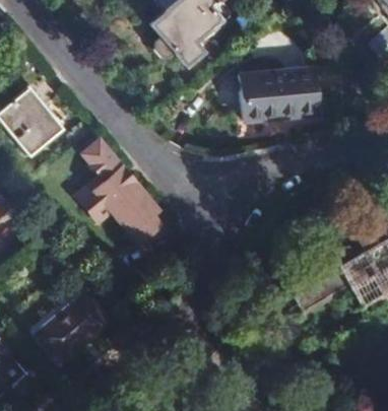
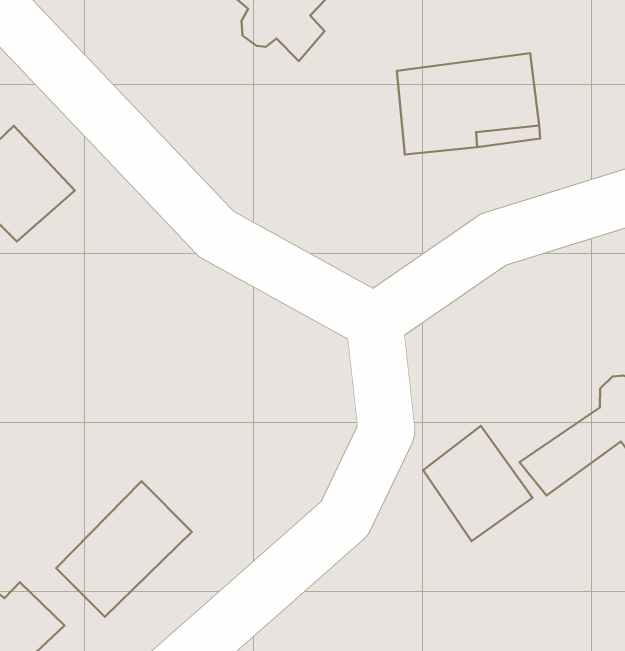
building: [70,142,163,252] -> none
building: none -> [423,426,532,541]

